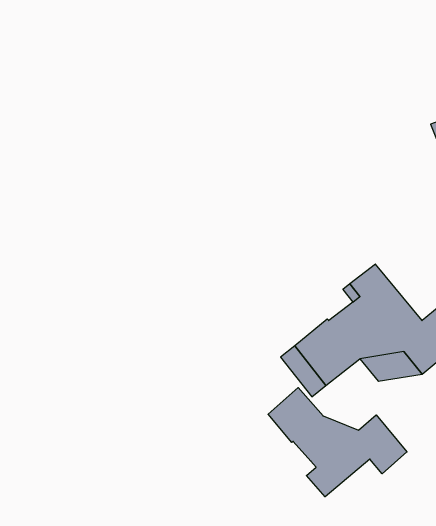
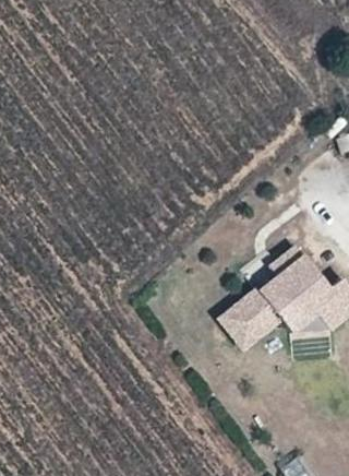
building: [268,388,407,497] -> none

